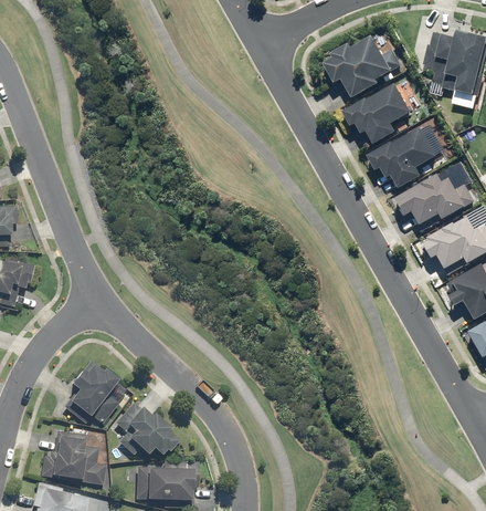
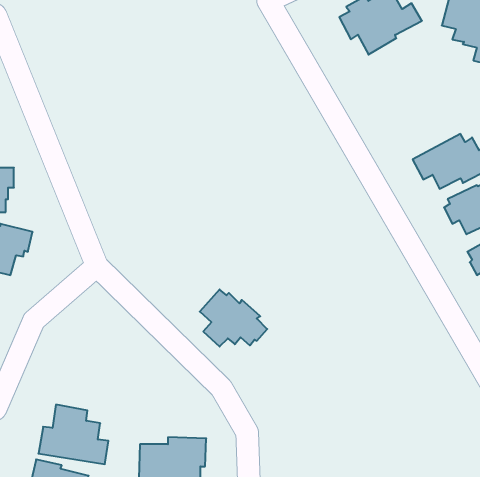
building: [344,83,413,144] -> none
building: [369,126,439,187] -> none
building: [64,359,118,425] -> none
building: [114,401,178,456] -> [200,289,267,347]

